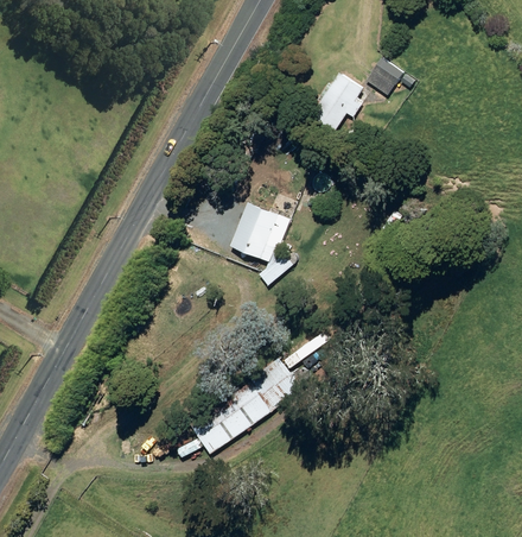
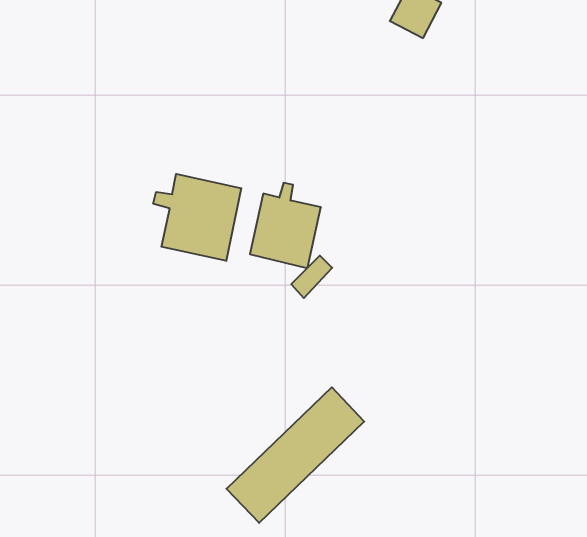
building: [312,71,363,129] -> none
building: none -> [153,174,241,261]

